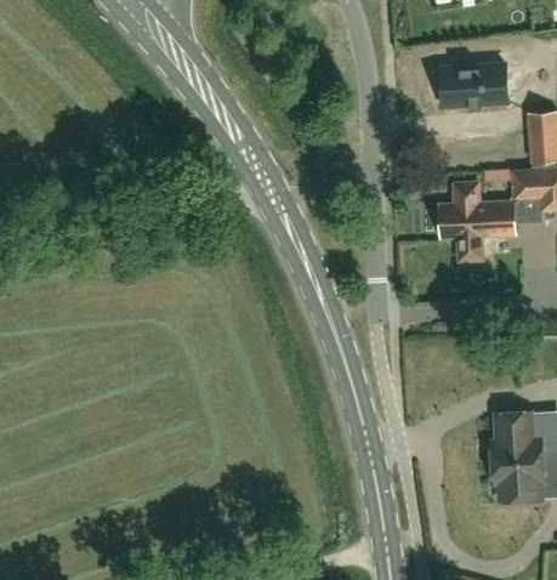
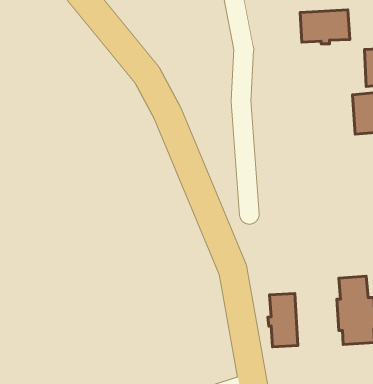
building: [441,183,513,261] -> none
building: none -> [268,293,298,347]

